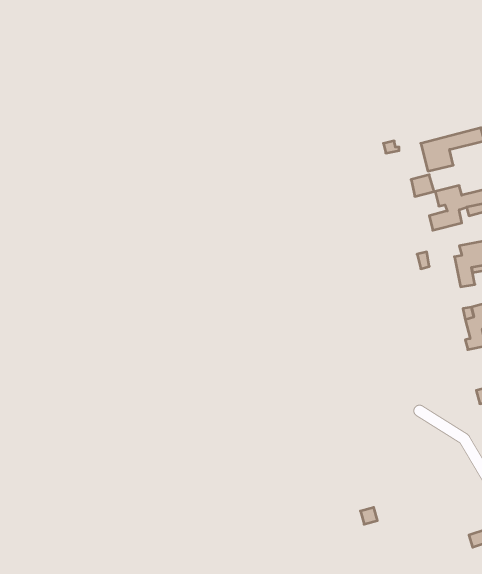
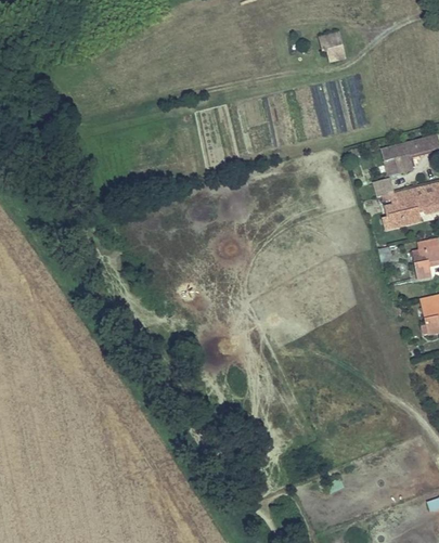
building: none -> [318,31,346,62]

